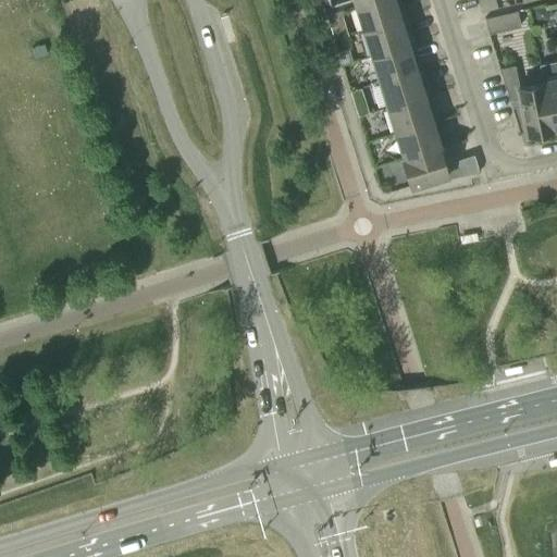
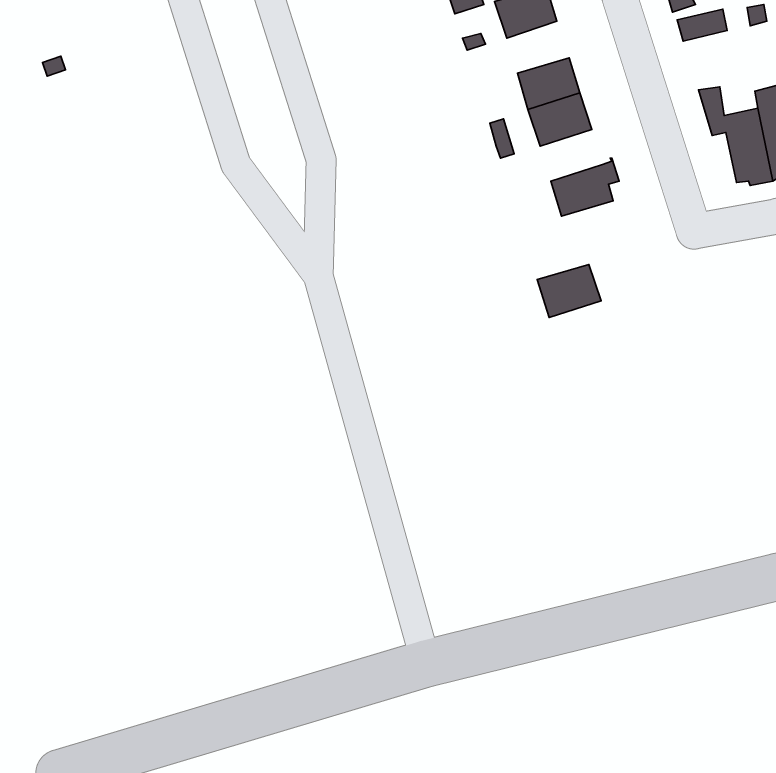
building: [363,11,411,52] -> none
building: [387,92,432,129] -> none
building: [403,144,448,182] -> [537,264,601,318]

